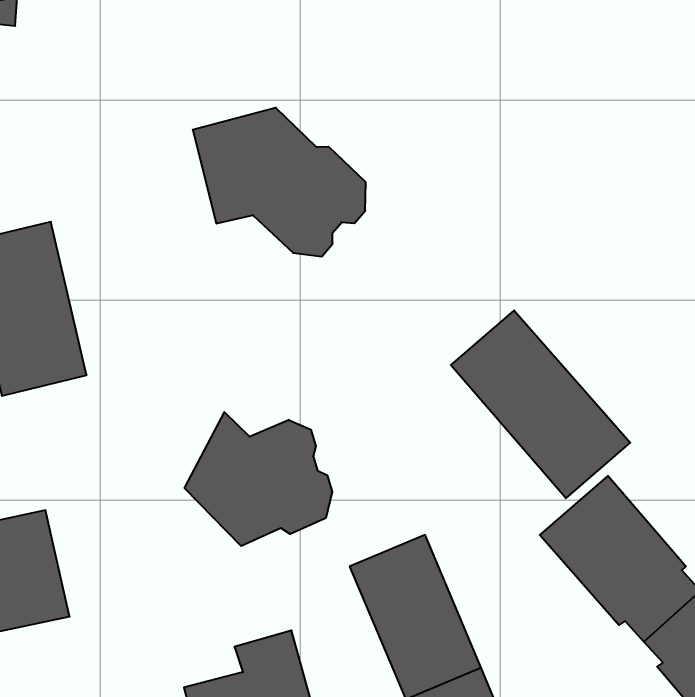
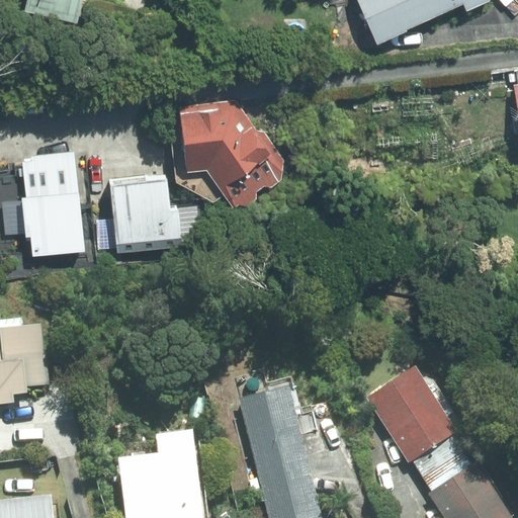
building: none -> [107,175,201,245]
building: [451,310,630,498] -> none
building: [185,412,332,546] -> none

